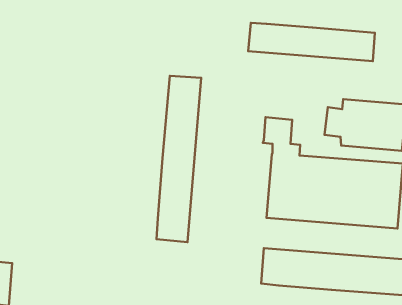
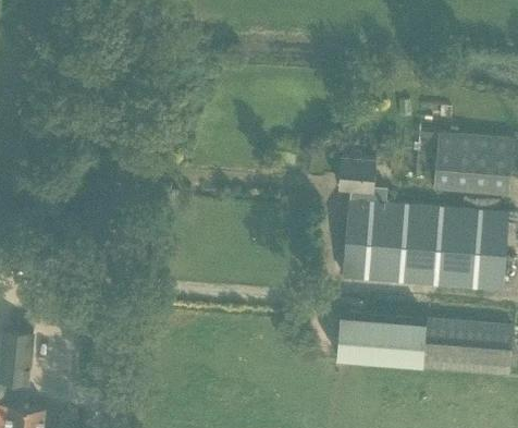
building: [248,23,375,61] -> none
building: [156,76,201,242] -> none

